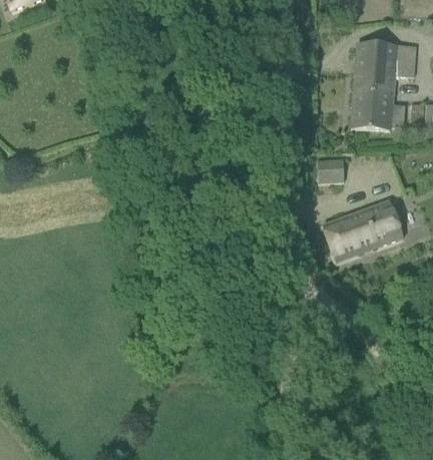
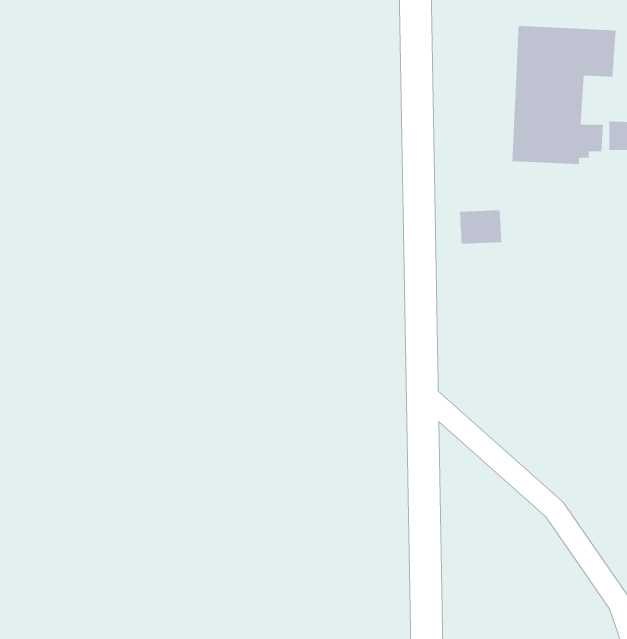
building: [323,199,403,261] -> none

